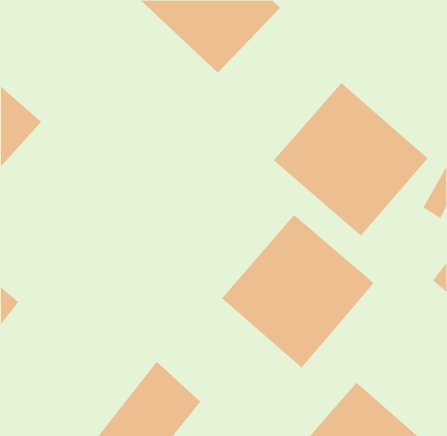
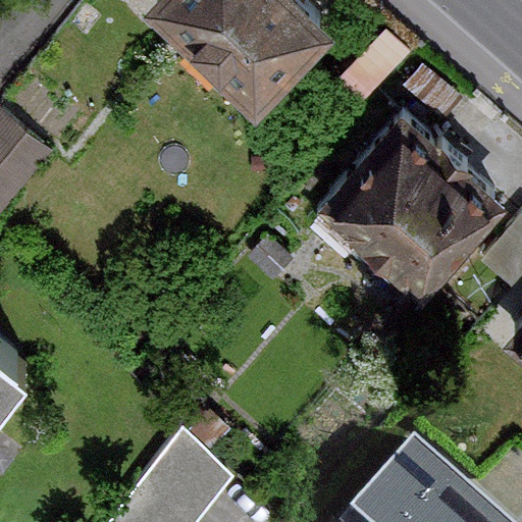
building: [221,214,374,368] -> none

